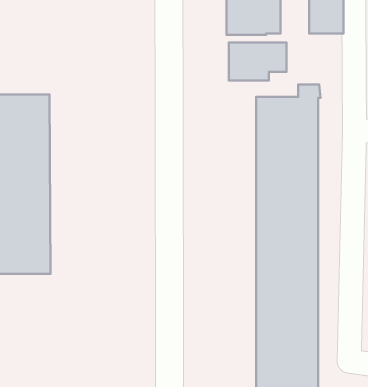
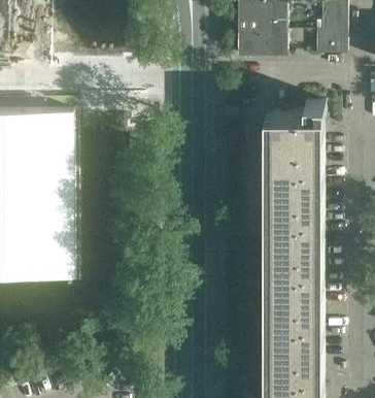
building: [229,43,287,80] -> none

